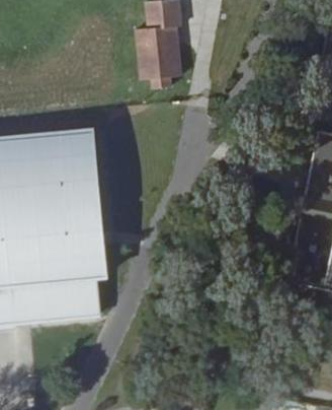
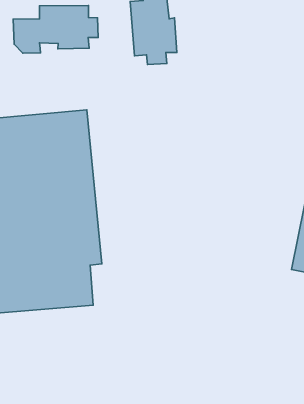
building: none -> [13,6,98,53]

